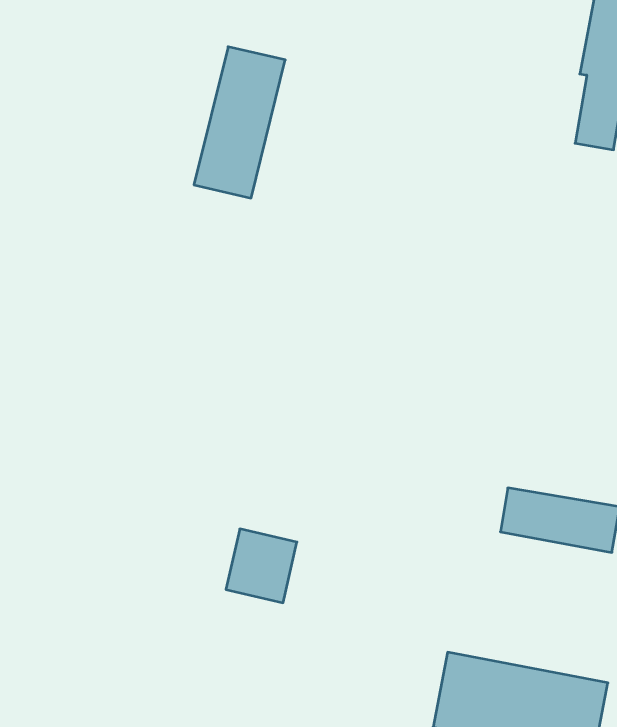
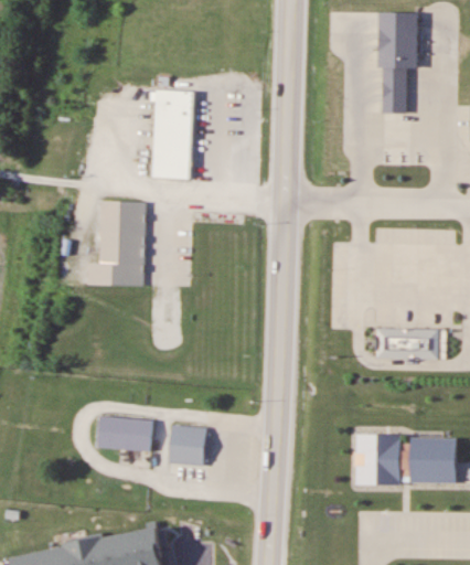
building: none -> [89,199,142,287]
building: [226,529,297,603] -> [165,431,204,472]
building: none -> [94,422,149,457]

